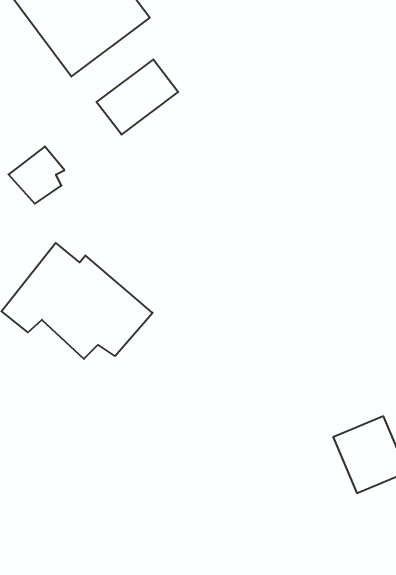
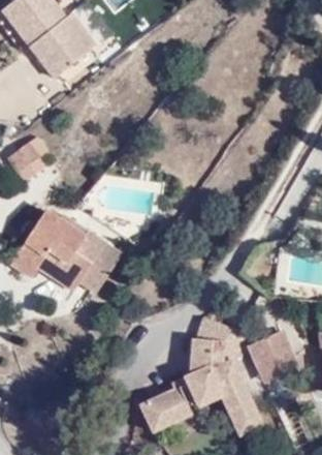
building: [96,59,178,135] -> none
building: none -> [141,336,262,434]

